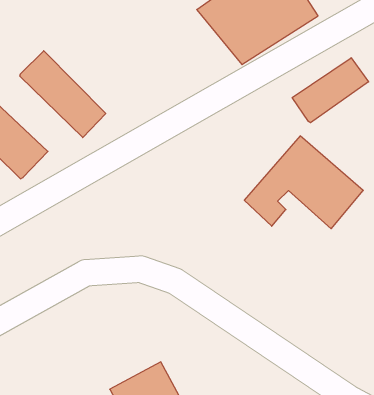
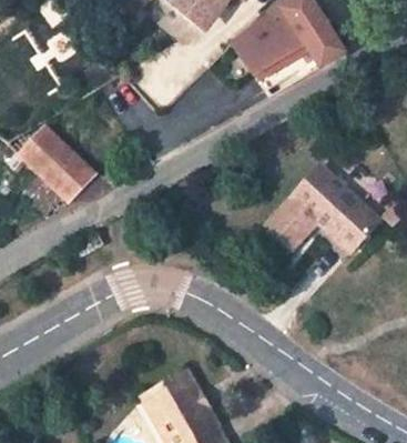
building: [20,51,106,138] -> none
building: [292,58,369,123] -> none

